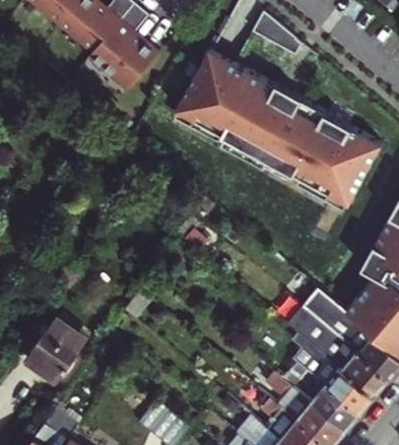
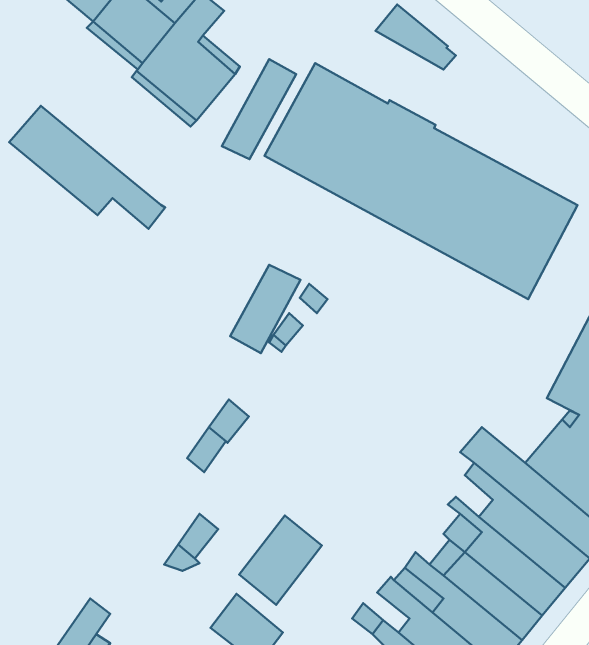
building: none -> [222,59,296,159]
building: none -> [9,106,165,229]
building: none -> [230,265,300,353]
building: [27,319,87,382] -> none
building: none -> [239,515,322,605]

